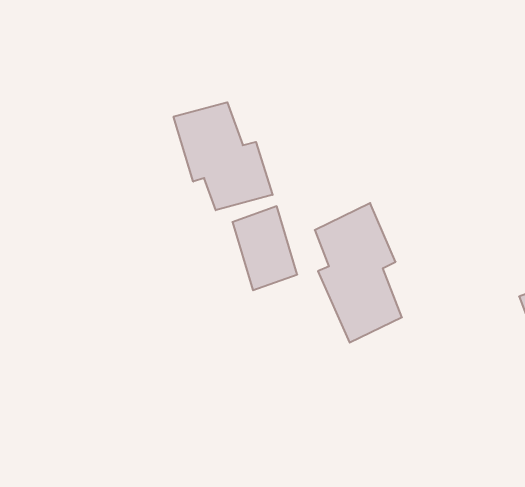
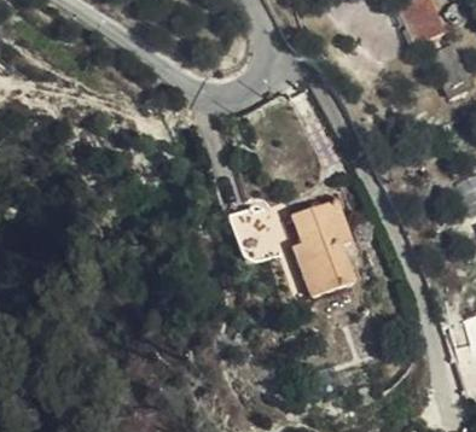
building: [174,102,273,210] -> none

